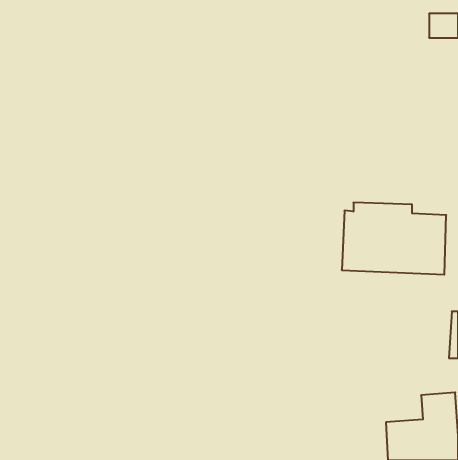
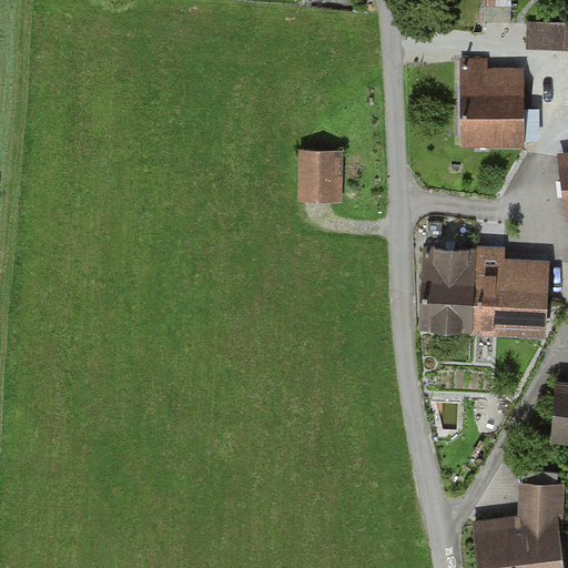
building: none -> [457,69,523,146]
building: none -> [298,151,342,203]

